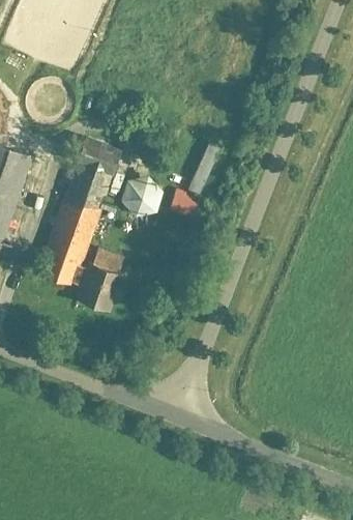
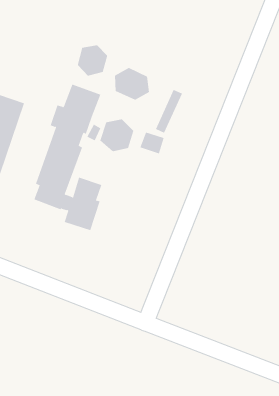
building: none -> [77,44,108,76]
building: none -> [115,67,149,101]

